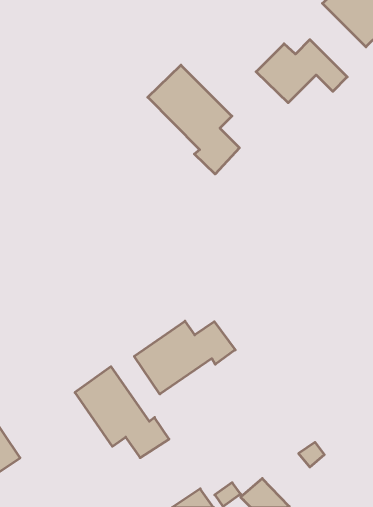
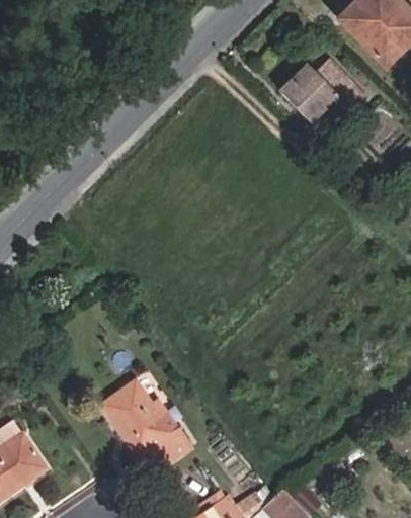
building: [148,65,239,174] -> none
building: [134,321,235,394] -> none

